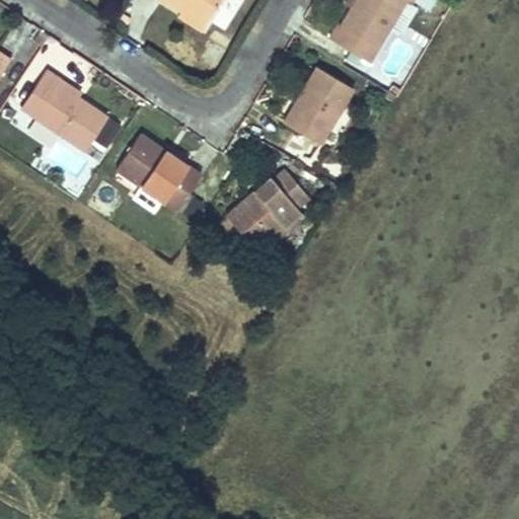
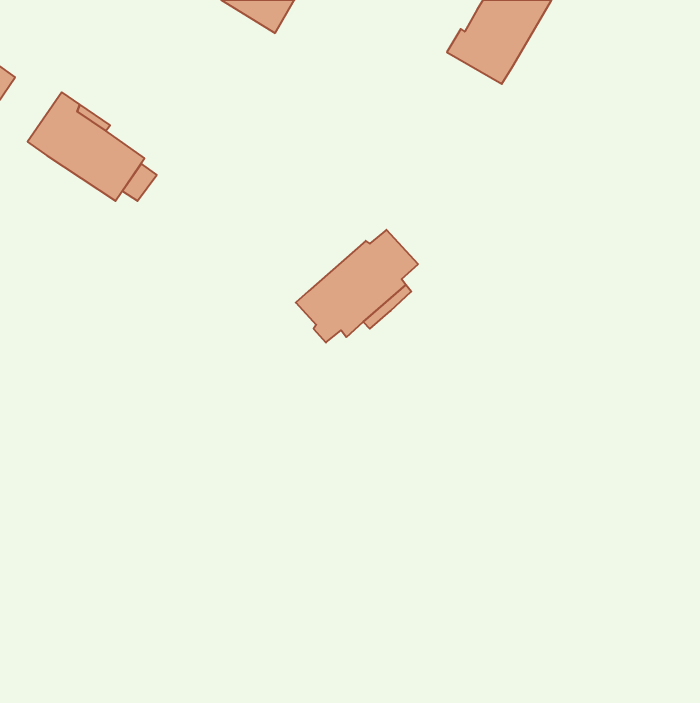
building: [284,66,353,143] -> none
building: [117,134,200,209] -> none

